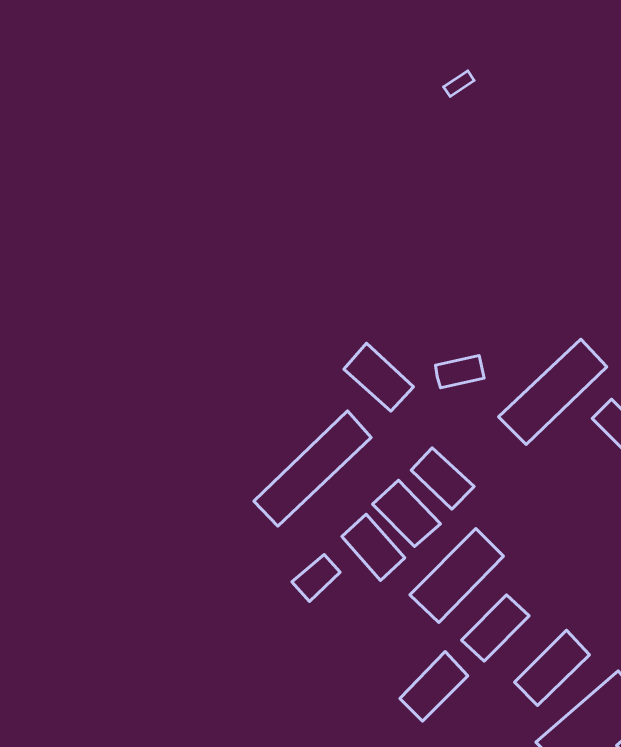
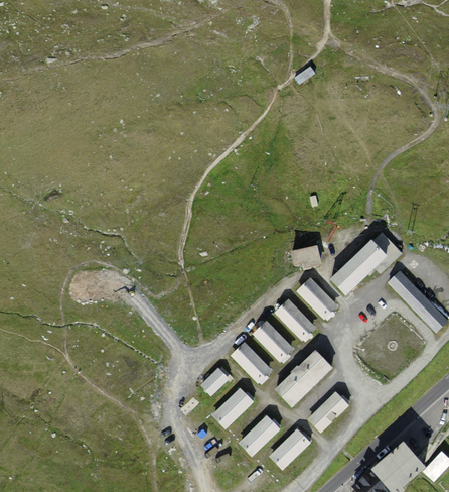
building: [344,343,413,411] -> [295,277,338,320]
building: [254,411,371,526] -> none
building: none -> [211,387,254,428]
building: [514,630,590,705] -> none
building: none -> [239,415,279,456]

